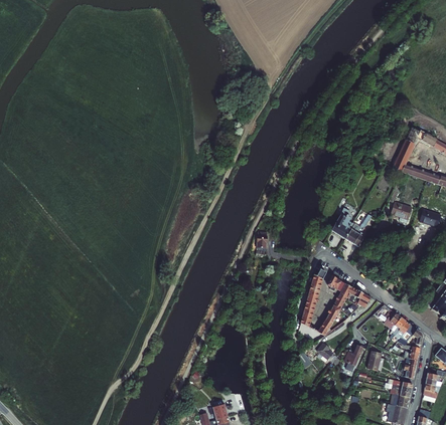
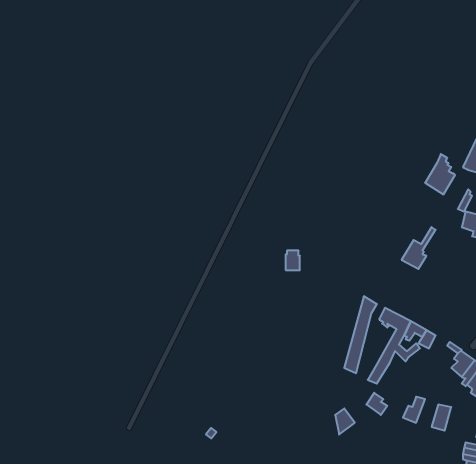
building: [330,209,353,240] -> [425,154,455,194]

